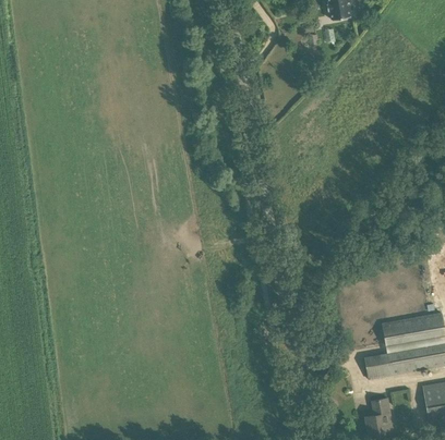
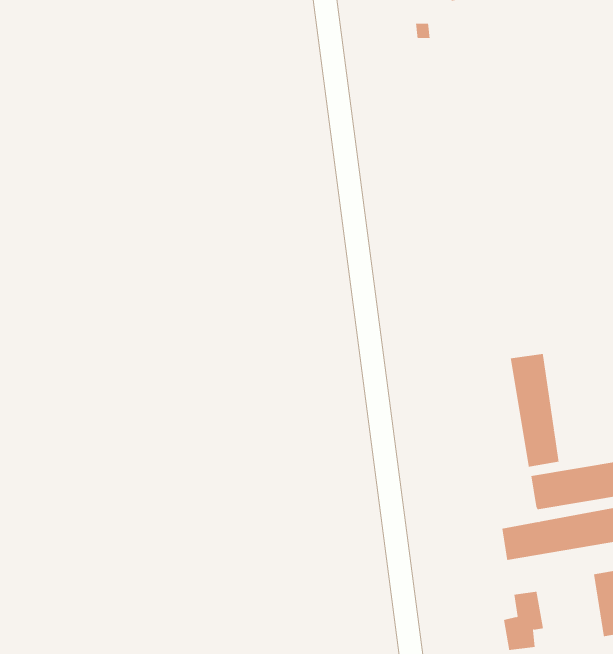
building: none -> [510,353,559,468]

